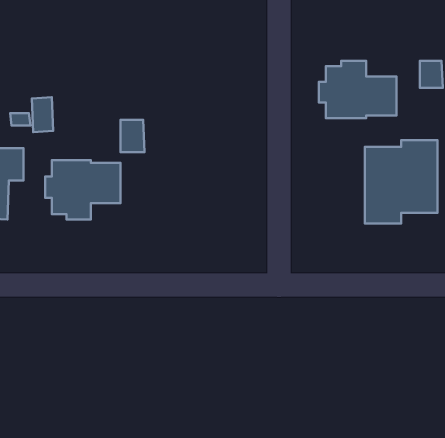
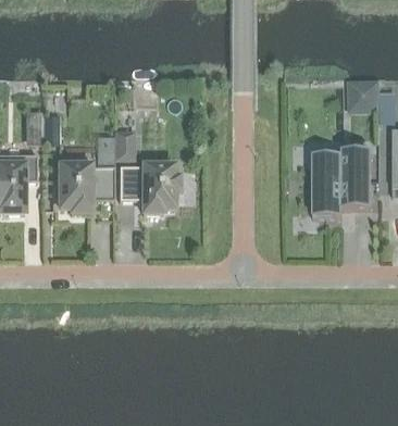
building: [319,61,397,118] -> none
building: none -> [119,165,178,213]

